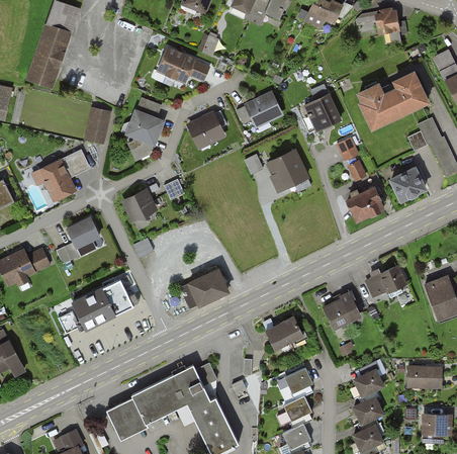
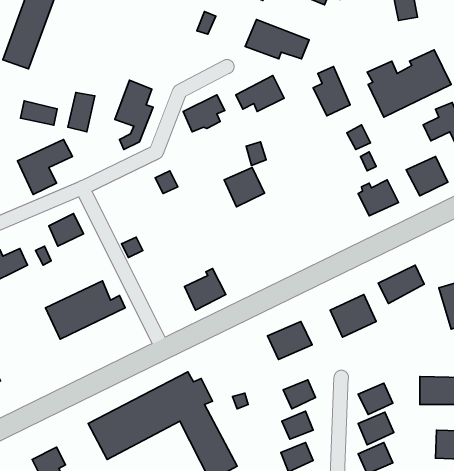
building: [153,47,210,82] -> [245,20,309,59]
building: none -> [20,101,57,125]
building: [271,154,307,189] -> [224,168,265,207]
building: [125,191,155,219] -> none

